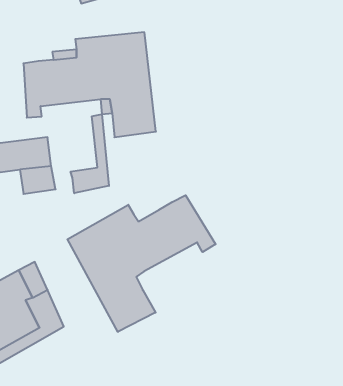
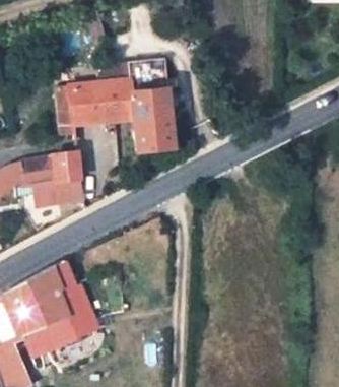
building: [71,114,109,193] -> none
building: [67,195,216,332] -> none

